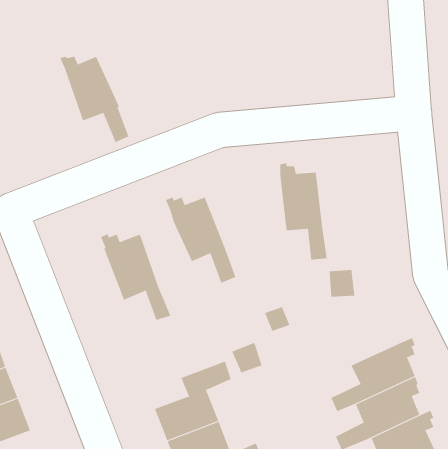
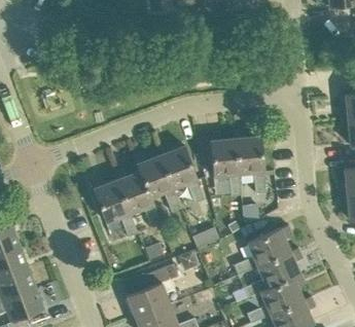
building: [59,56,129,143] -> [114,171,161,228]
building: none -> [235,130,267,193]
building: none -> [157,145,204,204]
building: none -> [234,225,291,275]

